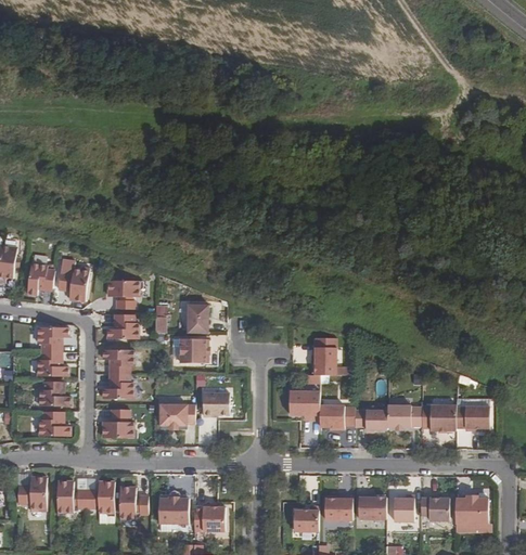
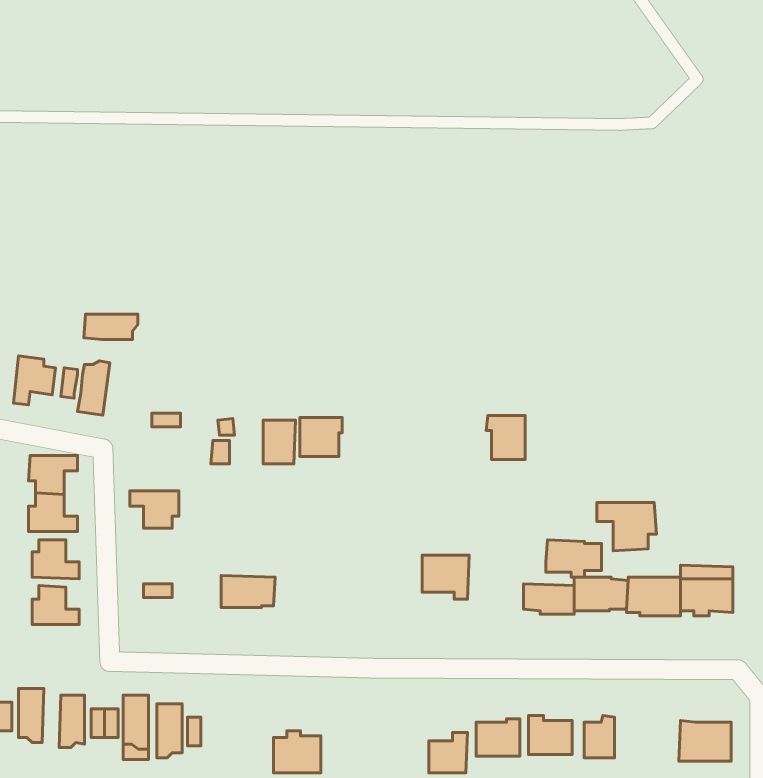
building: [107,281,142,297] -> [84,314,138,340]
building: [107,314,138,339] -> none
building: [180,338,207,363] -> [300,418,342,456]
building: [311,347,336,375] -> [486,415,525,459]
building: none -> [597,502,656,551]
building: [102,374,133,399] -> none
building: [203,392,229,416] -> none
building: [319,405,355,429] -> [546,540,601,577]
building: [102,422,137,438] -> none
building: [158,496,189,524] -> none
building: [421,498,449,520] -> none

